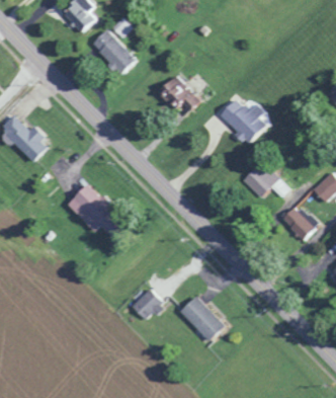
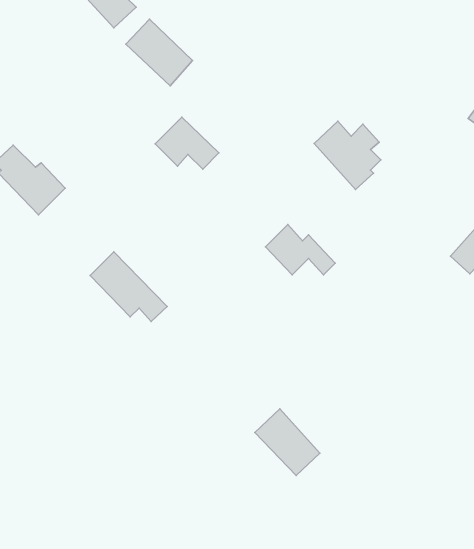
building: [157,75,200,110] -> [155,117,219,169]
building: [243,163,290,197] -> [266,225,335,275]
building: [281,204,318,240] -> none
building: [132,290,164,322] -> none

